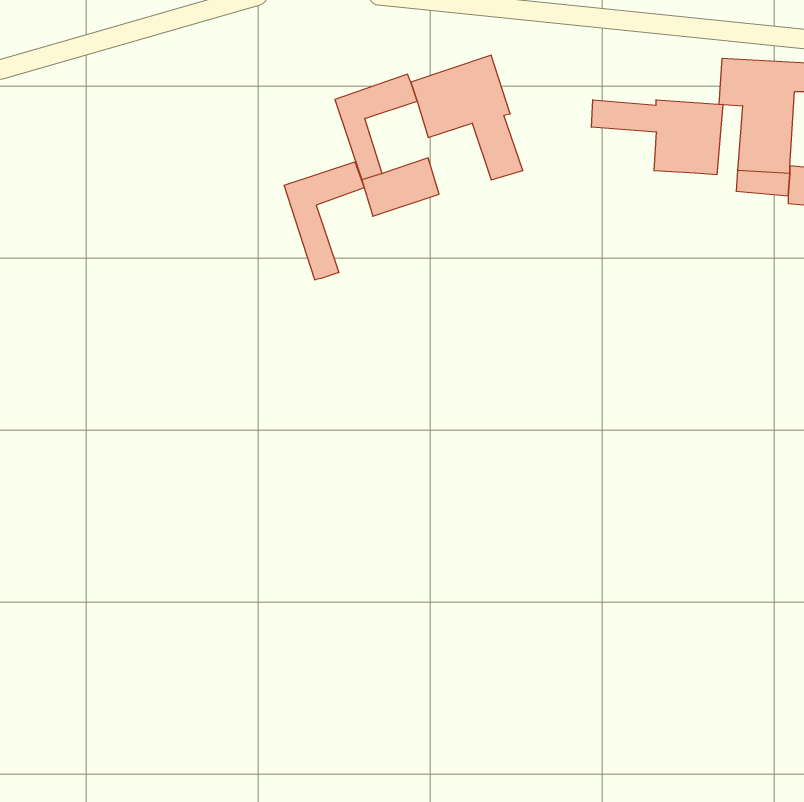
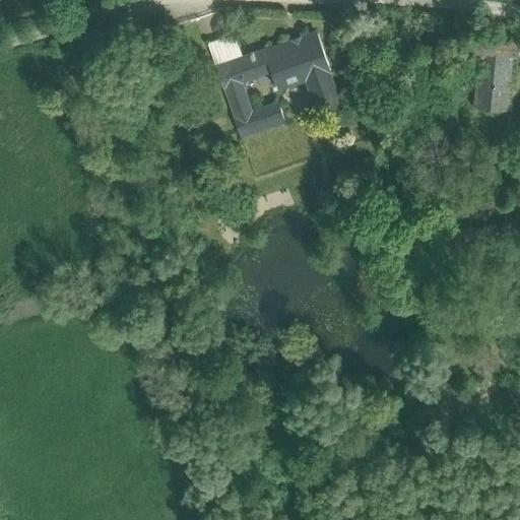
building: [592,100,723,175] -> none
building: [284,162,364,280] -> none

